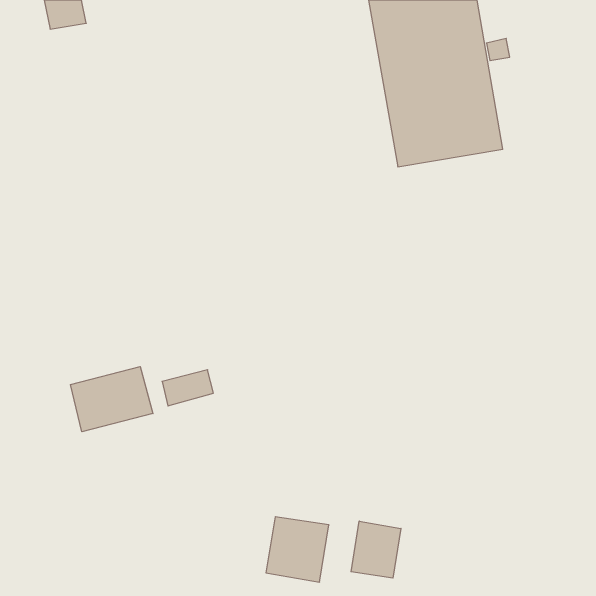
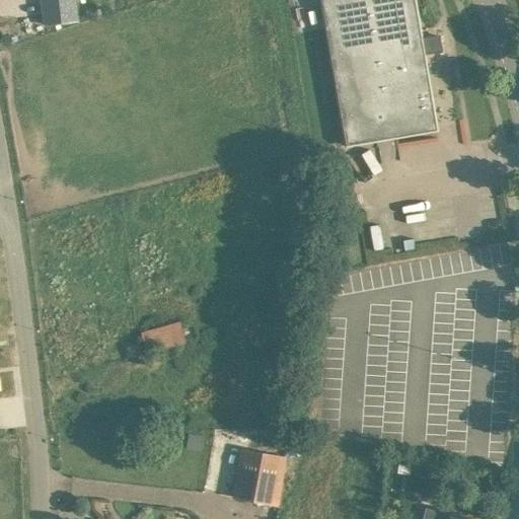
building: [71,367,153,432] -> none
building: [351,521,401,578] -> none

